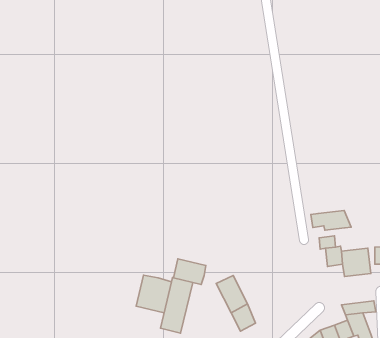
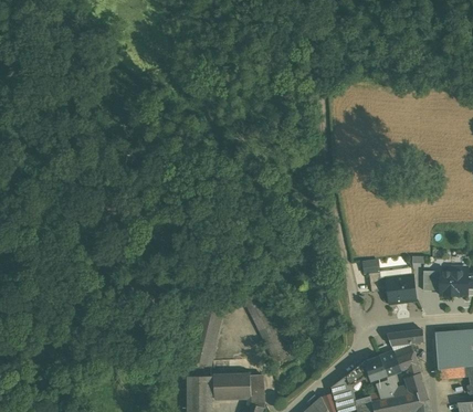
building: [311,211,351,230] -> none
building: [173,259,206,284] -> none
building: [136,275,171,313] -> none

